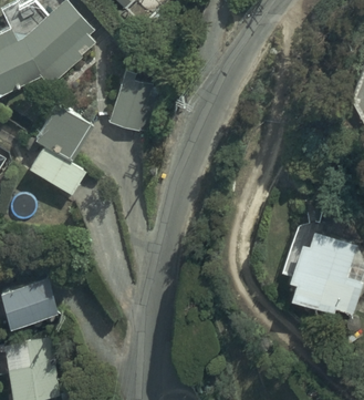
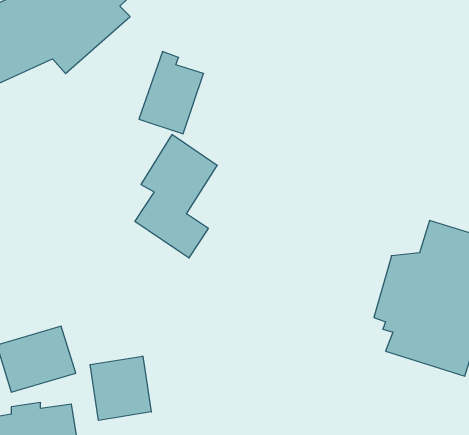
building: [30,104,92,197] -> [135,135,217,258]
building: none -> [90,356,151,420]

